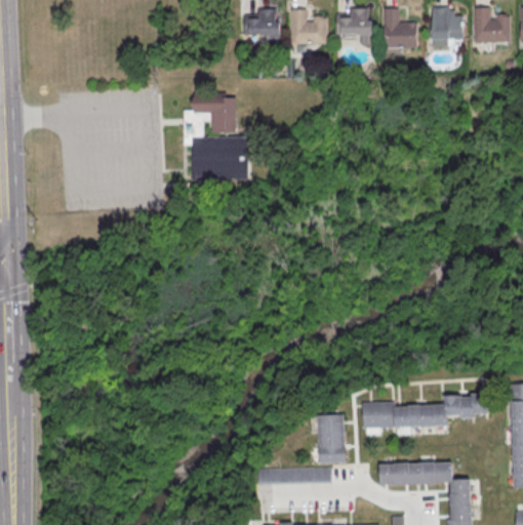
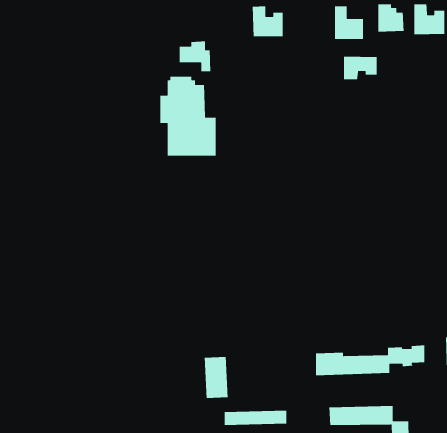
building: [336,7,373,43] -> none
building: [244,8,281,44] -> [179,40,211,72]
building: none -> [343,56,378,80]
building: [317,414,345,462] -> [204,356,228,399]

